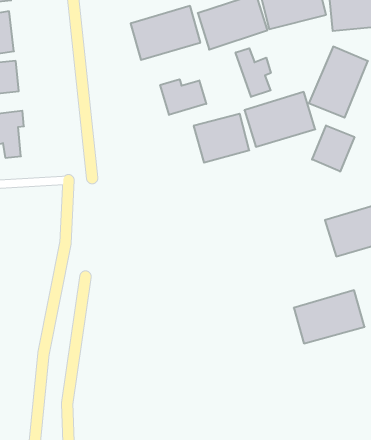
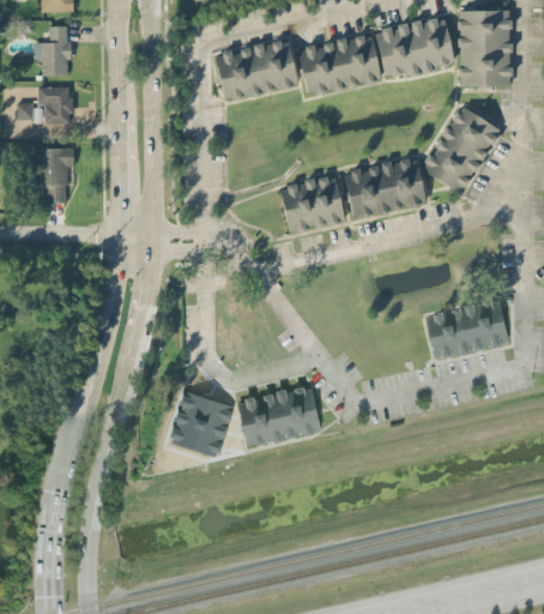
building: [236,48,271,97] -> none
building: [160,79,206,115] -> none
building: [312,125,354,172] -> none
building: [294,290,365,343] -> [241,390,325,449]
building: none -> [173,395,235,460]

